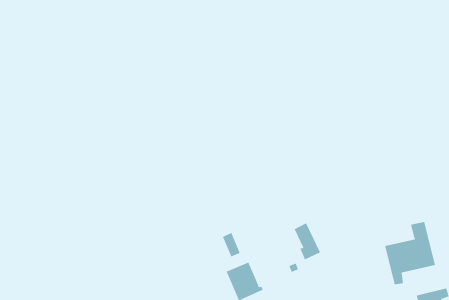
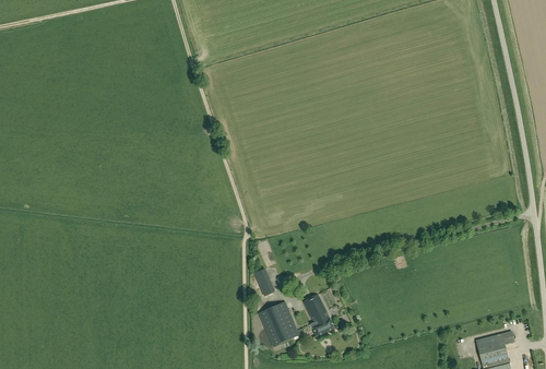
building: [385,221,436,285] -> none
building: [294,223,321,260] -> [304,294,334,336]

